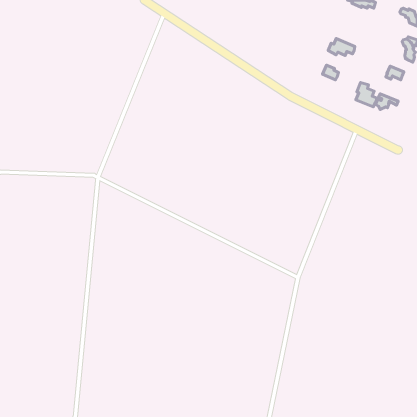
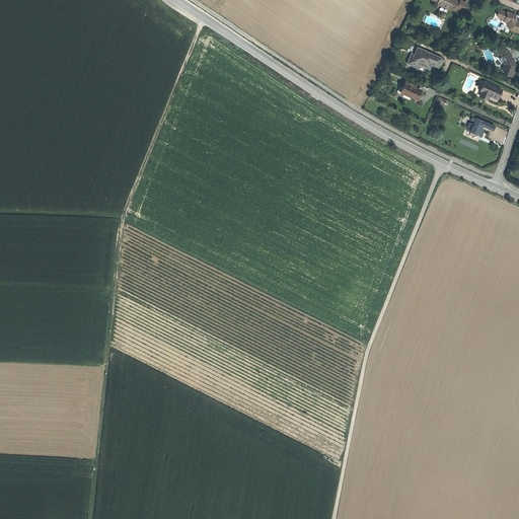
building: [356,82,377,107] -> none

